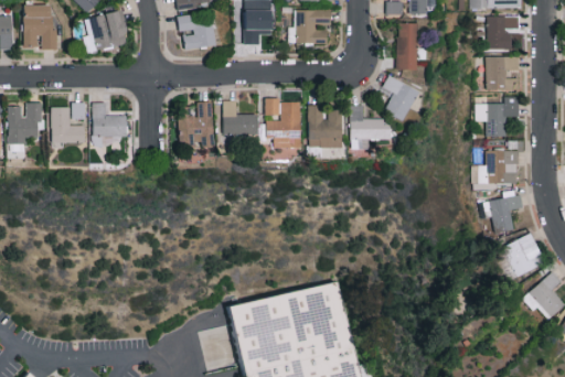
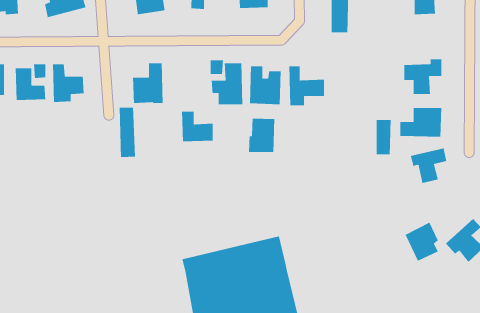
building: [486,56,519,89] -> none
building: [382,76,417,120] -> none
building: [222,100,257,134] -> [181,111,214,142]
building: none -> [119,107,136,158]
building: none -> [248,118,275,153]
building: none -> [376,119,391,155]
building: [502,233,540,277] -> [405,221,439,262]

